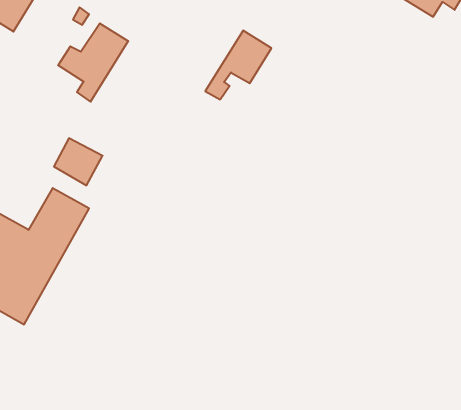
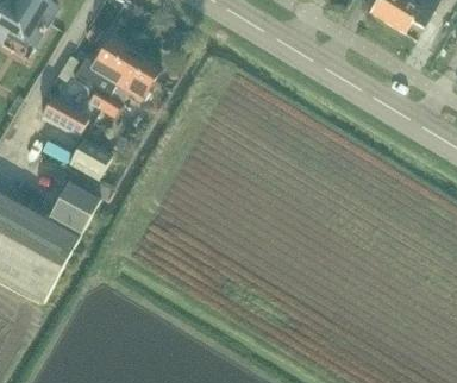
building: [205,31,271,99] -> [101,52,159,113]
building: none -> [42,93,88,131]

